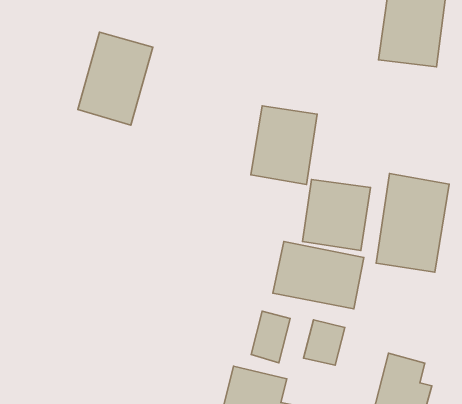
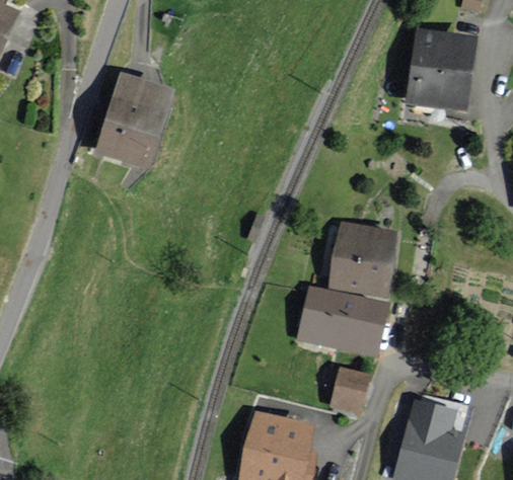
building: [251,106,317,184] -> none
building: [376,174,449,272] -> none
building: [251,311,290,363] -> none

